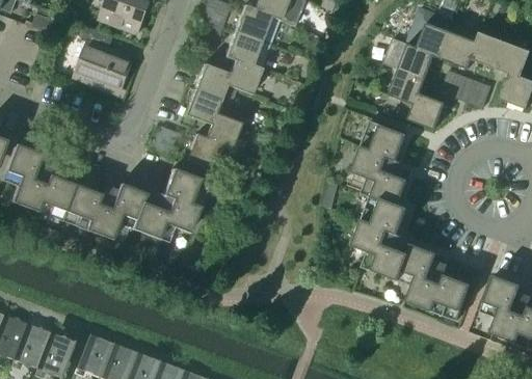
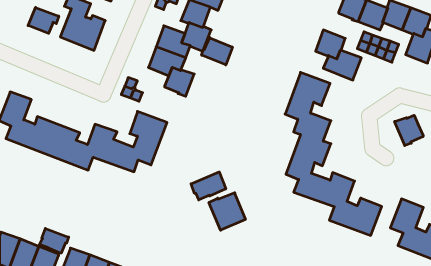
building: none -> [28,7,59,33]
building: [399,43,435,78] -> none
building: none -> [202,37,232,65]
building: [185,133,222,169] -> none
building: none -> [395,115,423,146]
building: none -> [191,172,226,200]
building: none -> [209,193,245,230]
building: none -> [39,228,69,253]

